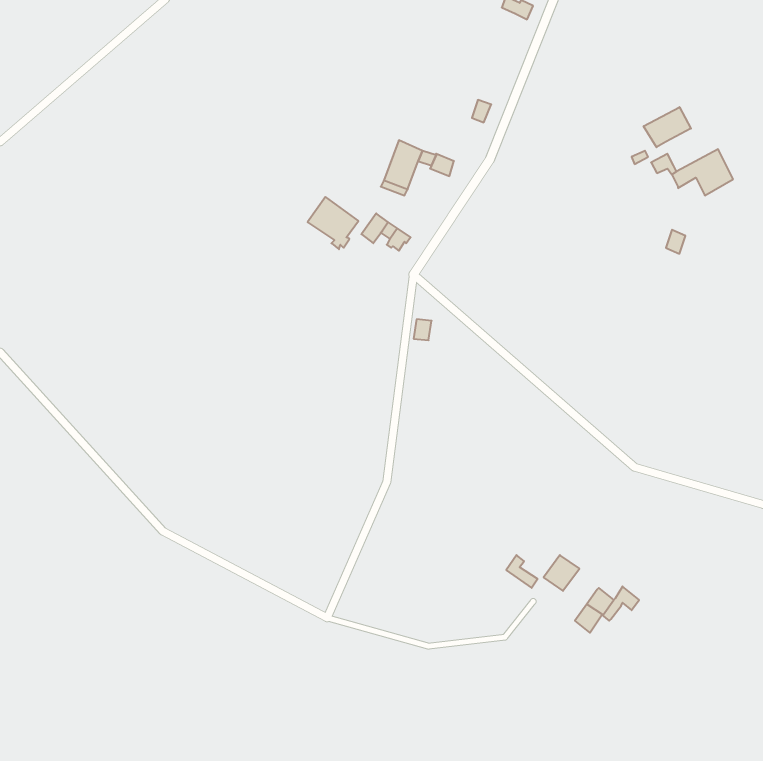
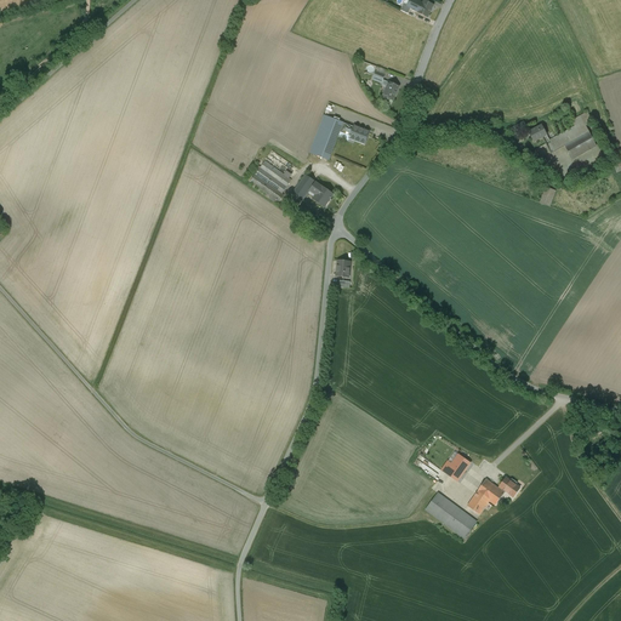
building: [644,107,691,147] -> none
building: none -> [426,492,477,537]

